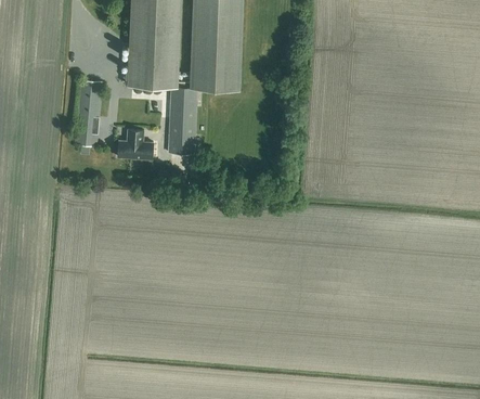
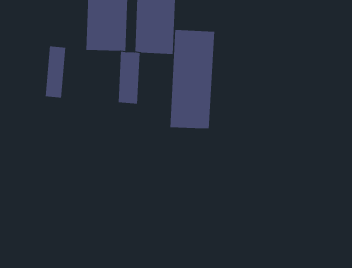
building: none -> [170,29,215,129]
building: [118,131,153,160] -> none

